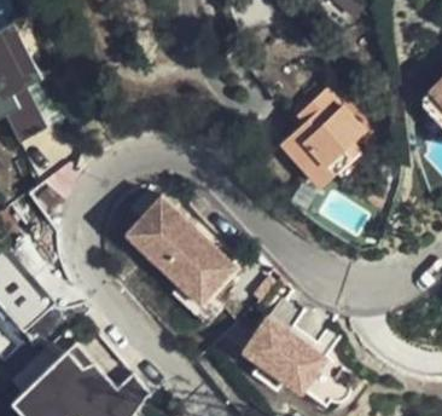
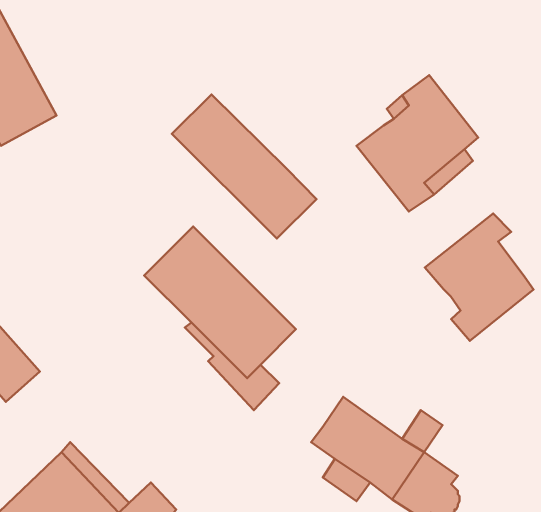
building: none -> [172,94,316,239]
building: none -> [425,213,534,341]

